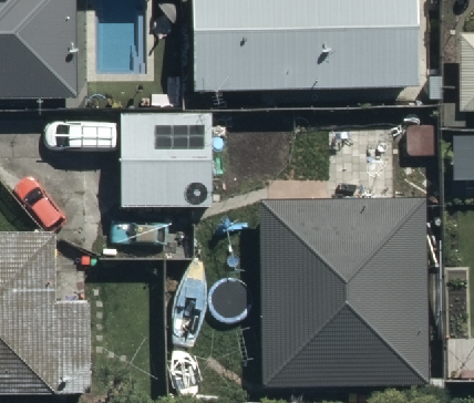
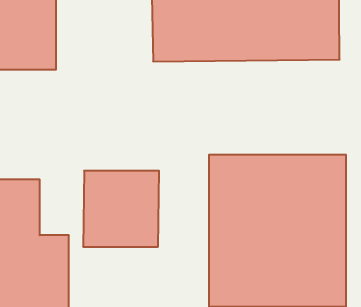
building: [120,114,212,206] -> [83,171,159,247]

